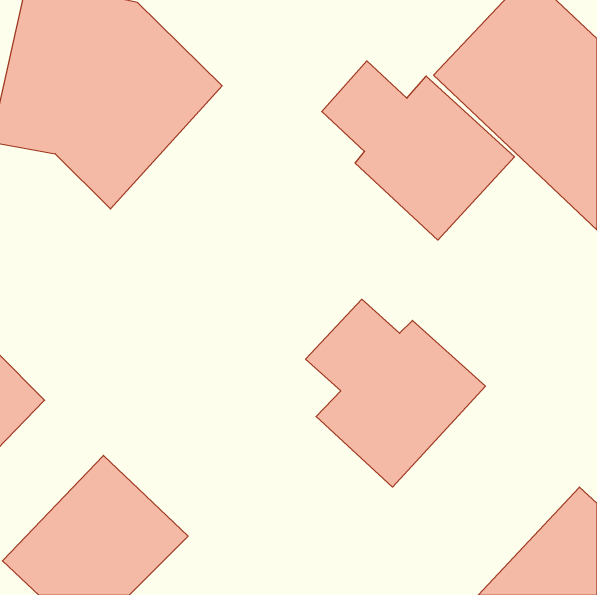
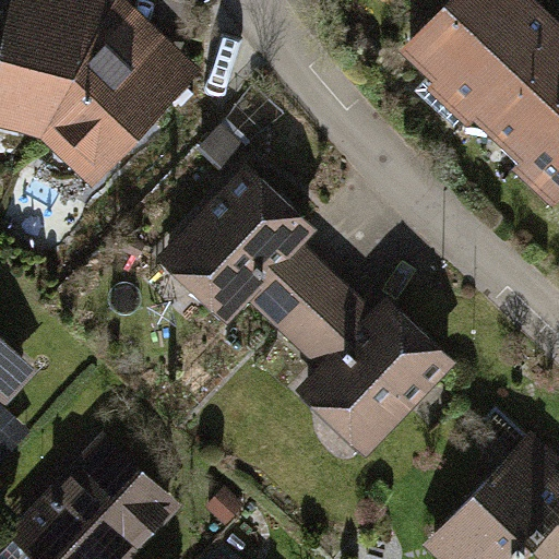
building: [322,61,515,240] -> none
building: none -> [155,164,336,334]

